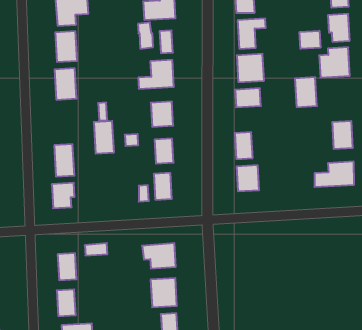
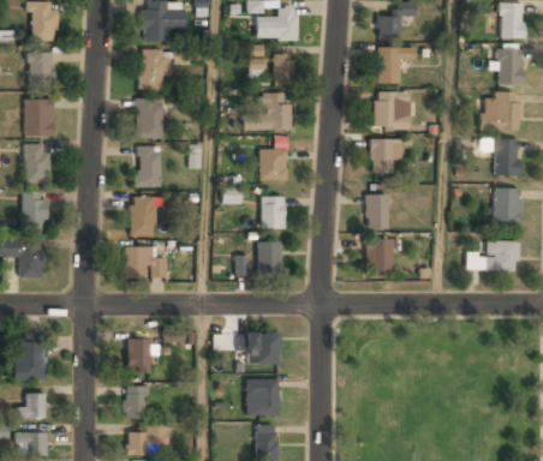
building: [300,31,320,49] -> none
building: [295,77,317,107] -> [494,138,520,175]
building: [94,121,114,154] -> [137,146,161,187]

